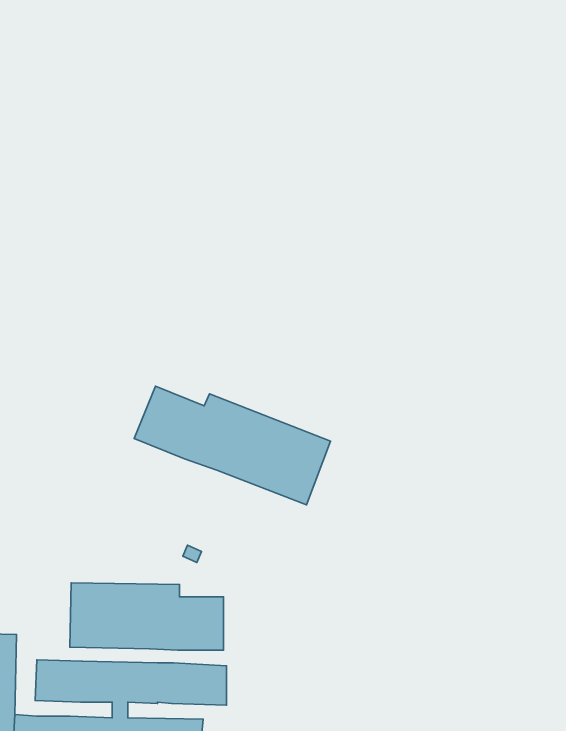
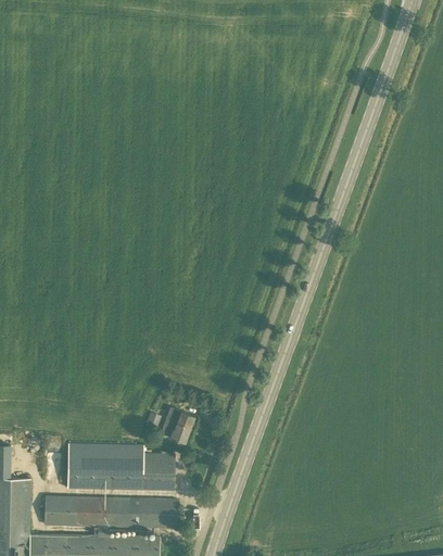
building: [134,386,330,505] -> none
building: none -> [160,406,194,442]

